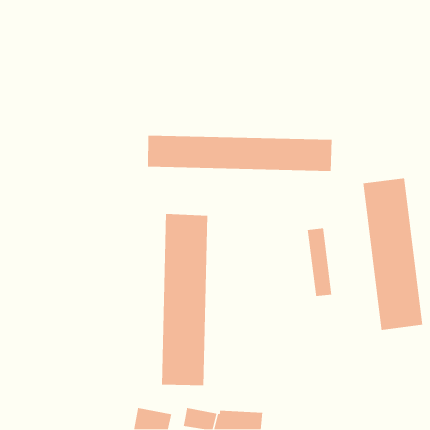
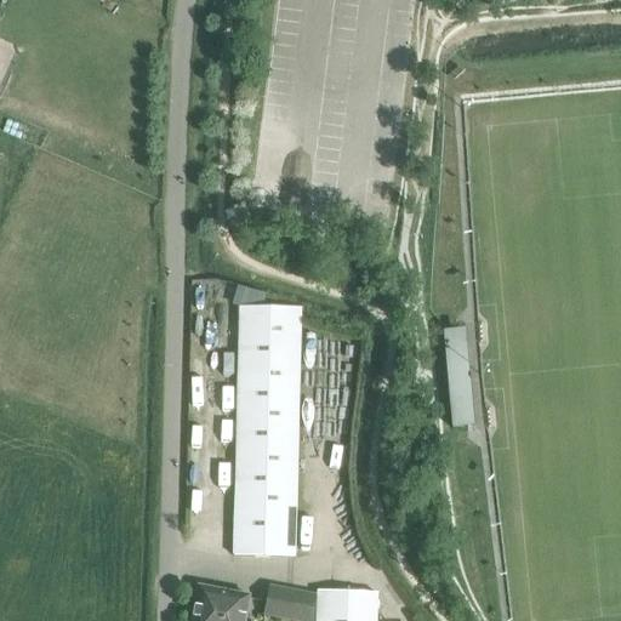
building: [147,135,332,172] -> none
building: [362,178,423,331] -> none

